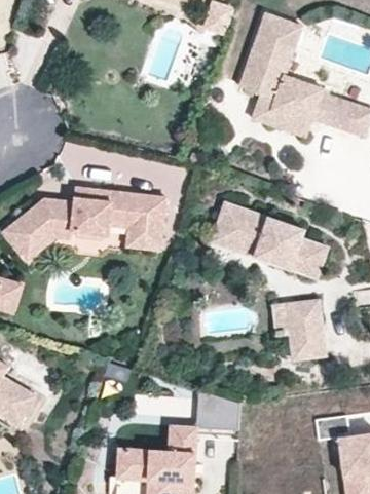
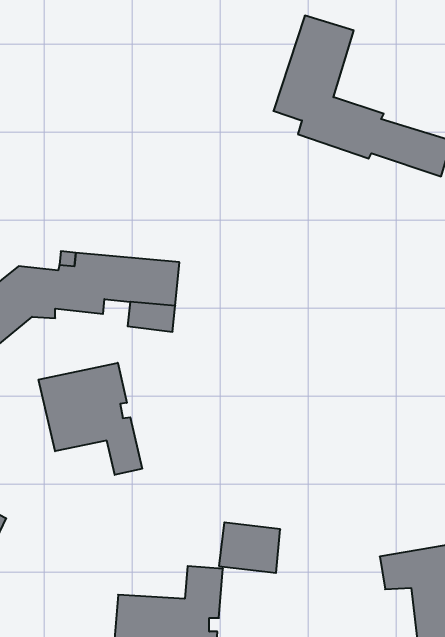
building: [216,201,327,276] -> none
building: none -> [39,363,142,475]
building: [286,299,323,357] -> none

